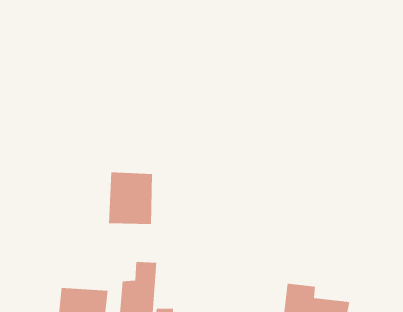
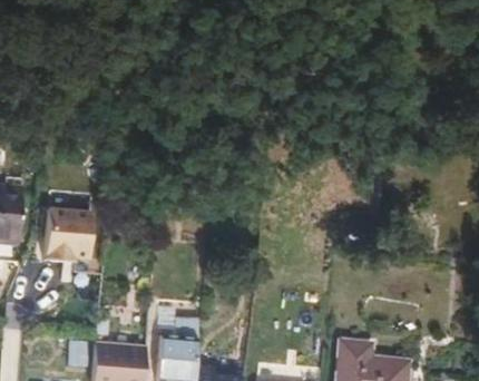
building: [108,172,153,225] -> [49,205,97,262]

